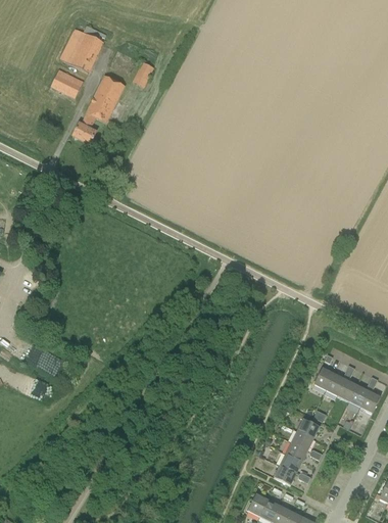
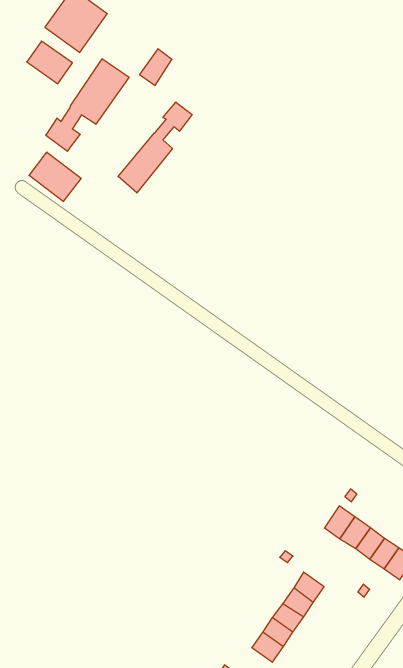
building: none -> [118,102,192,193]
building: none -> [29,152,81,202]

